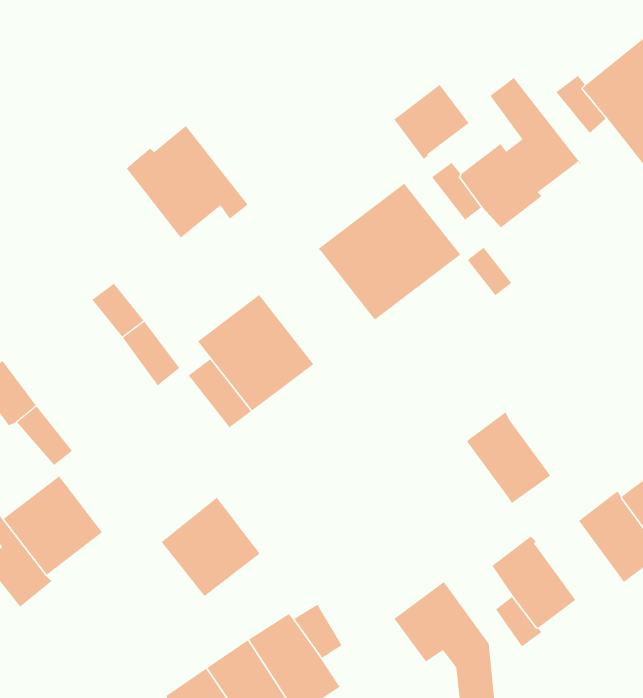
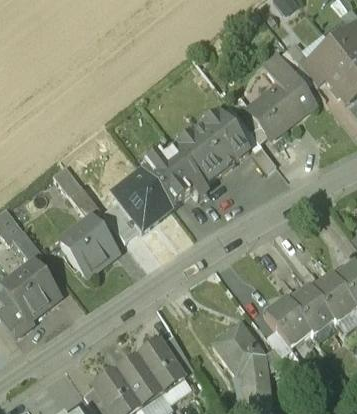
building: [393,84,470,160] -> none
building: [126,125,248,238] -> [142,146,207,206]
building: [466,411,551,504] -> [288,285,333,334]
building: [161,497,261,597] -> [64,221,117,274]

